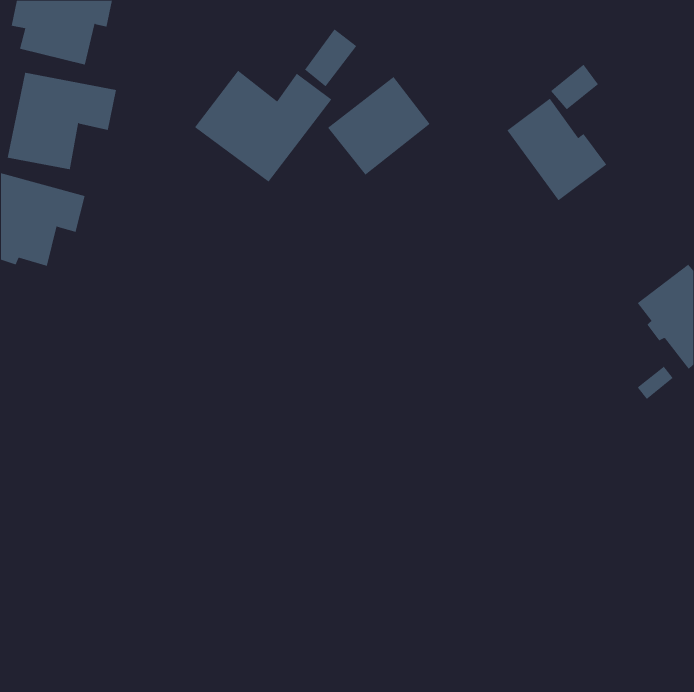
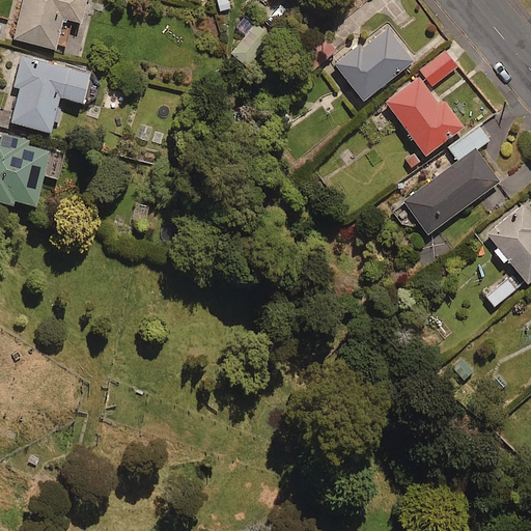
building: [194,70,332,183] -> none
building: [327,76,430,175] -> [335,25,414,101]
building: none -> [406,128,499,233]

